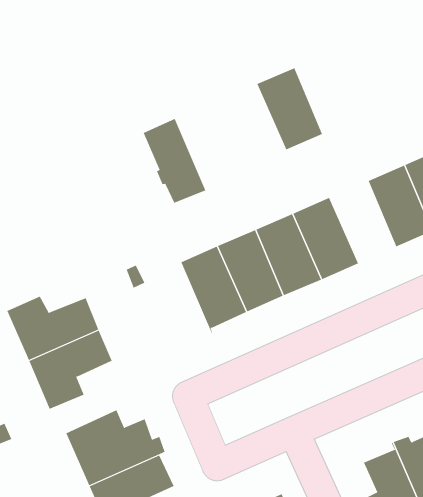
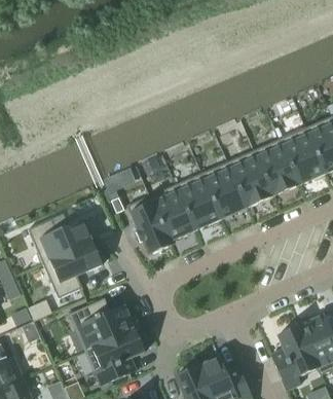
building: [256,68,323,150] -> [253,138,299,195]
building: [143,118,206,204] -> [126,194,171,254]

